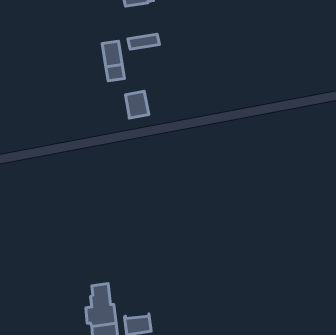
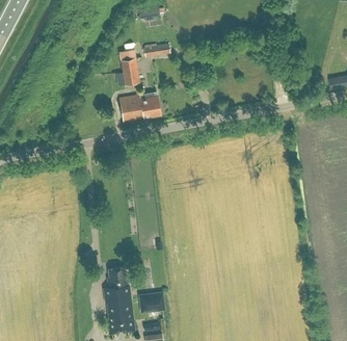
building: none -> [119,96,143,122]

